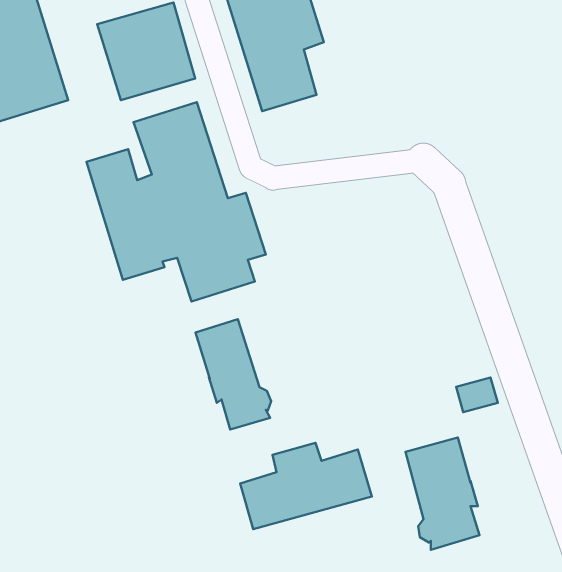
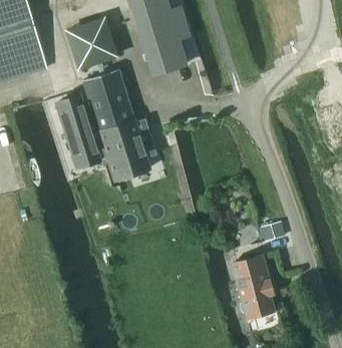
building: [195,319,271,429] -> none
building: [240,443,372,529] -> none

